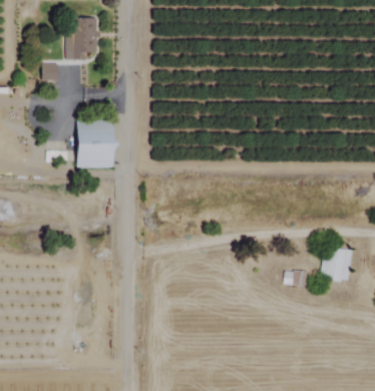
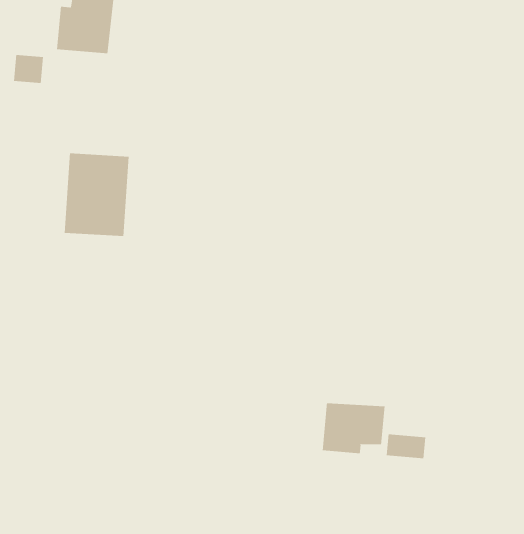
building: [321,246,352,283] -> none
building: none -> [322,402,385,454]

